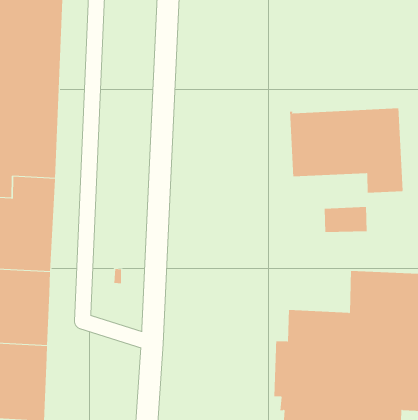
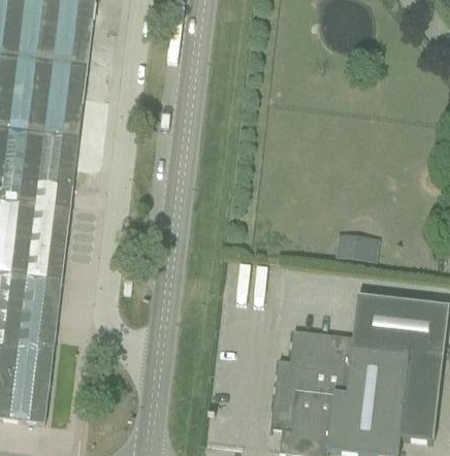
building: [289,108,403,194] -> none

